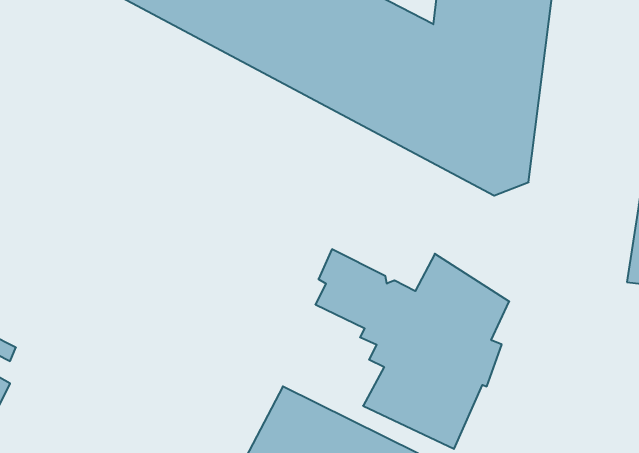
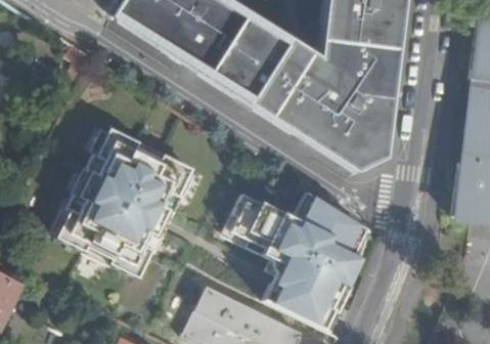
building: none -> [61,131,196,280]

